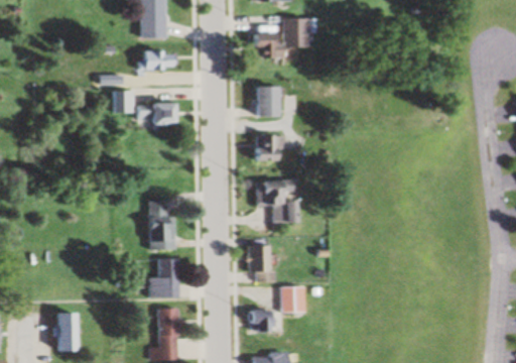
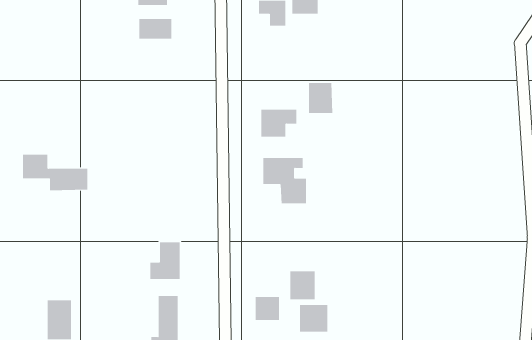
building: [256,87,279,116] -> [308,82,333,114]
building: [113,90,174,124] -> [22,154,88,191]
building: [149,200,176,250] -> none
building: [249,246,274,283] -> none
building: none -> [300,304,328,332]

